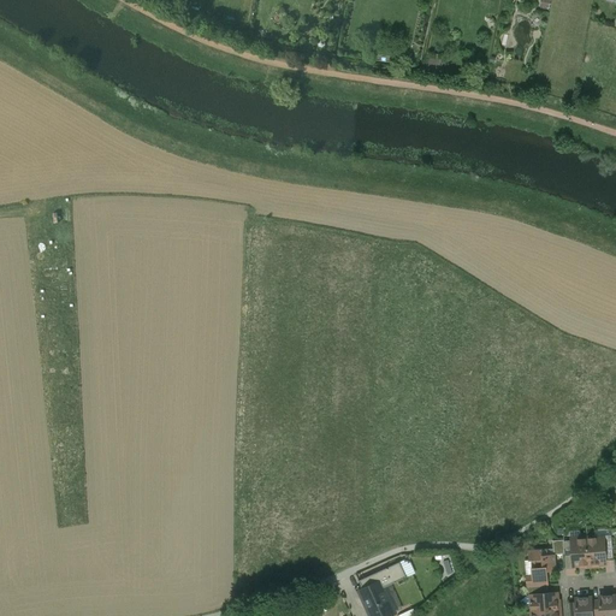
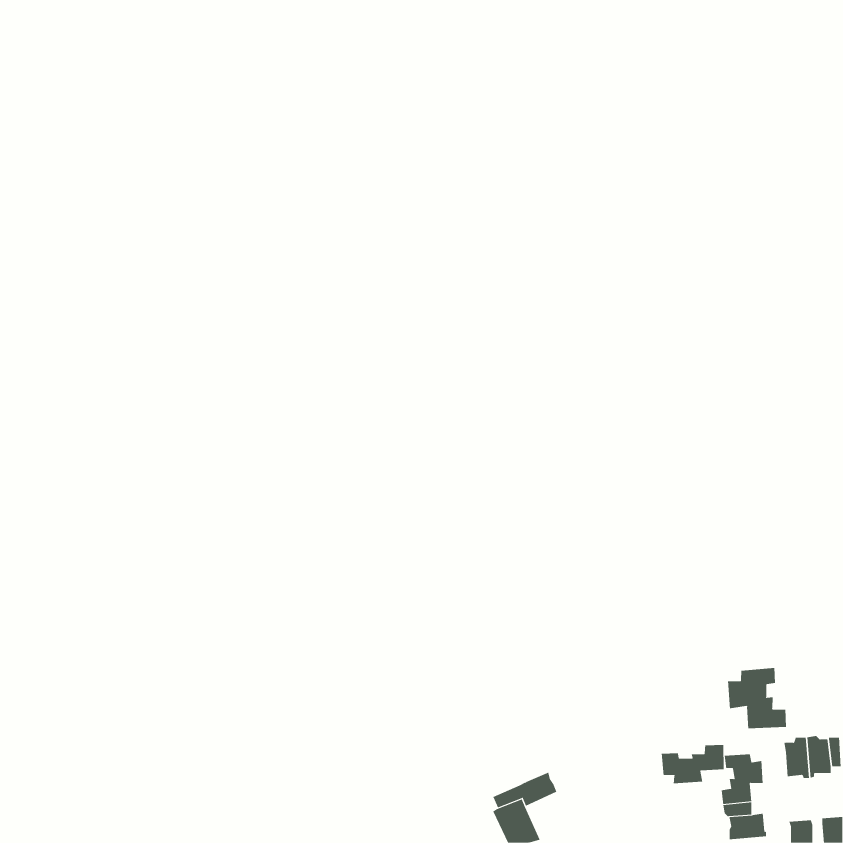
building: none -> [727,667,786,729]
building: none -> [661,744,724,784]

